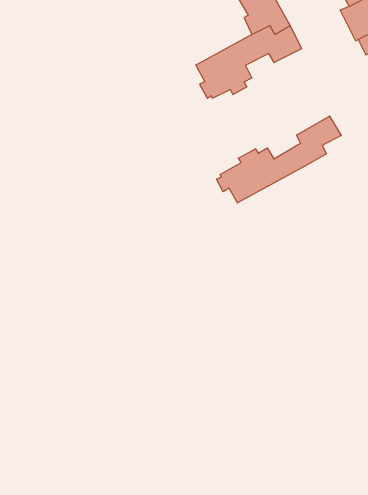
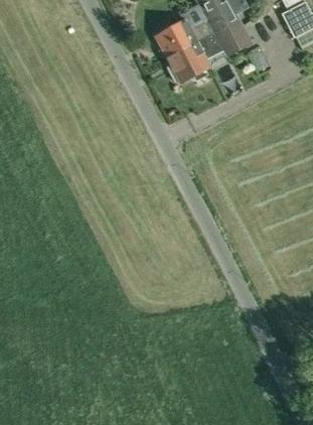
building: none -> [156,18,211,55]
building: [216,116,341,203] -> none

